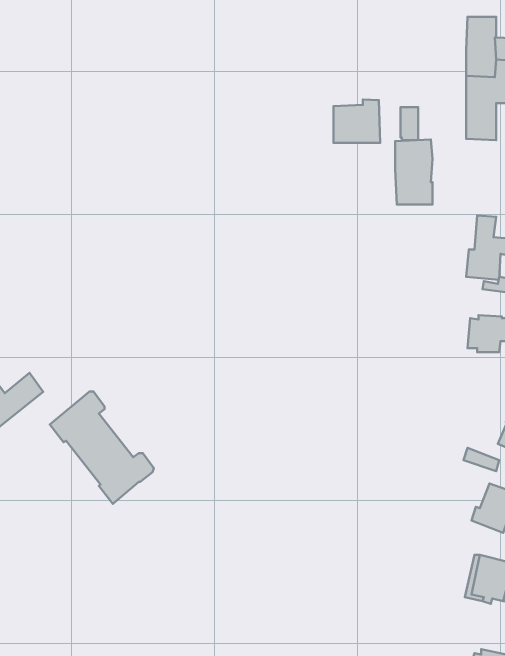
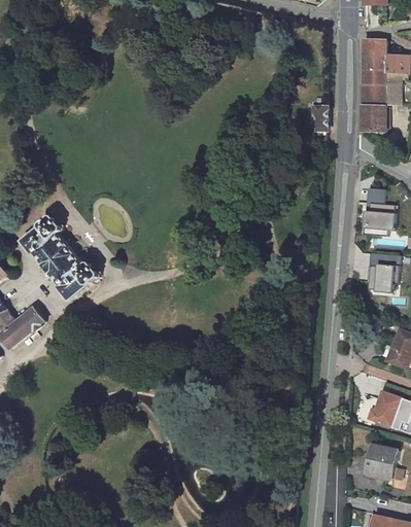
building: [334,99,380,143] -> none
building: [395,140,433,204] -> none
building: [50,392,154,504] -> [23,216,101,301]

